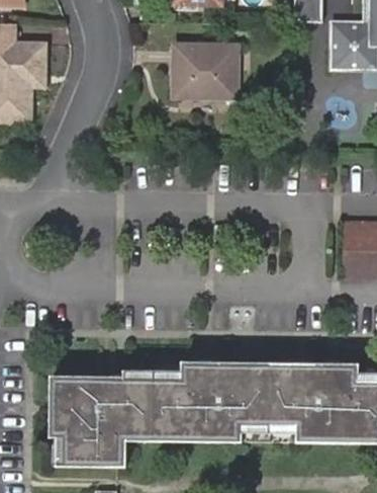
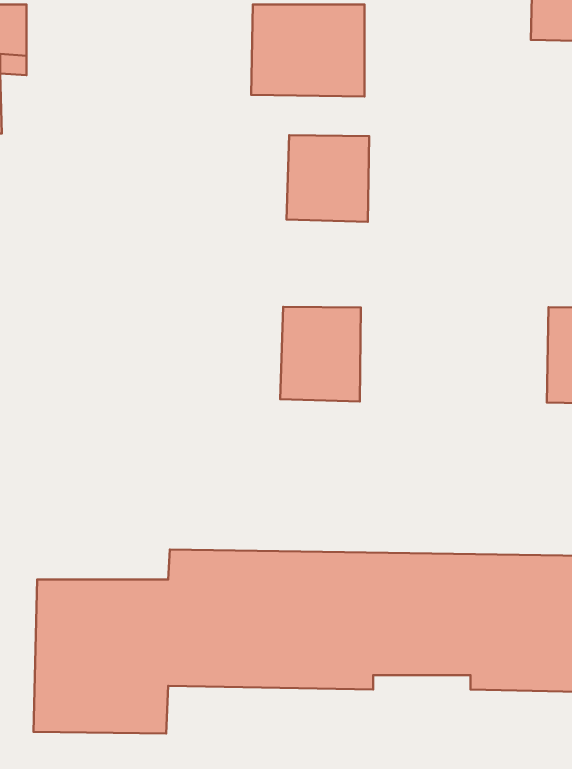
building: none -> [286,135,369,222]
building: none -> [280,307,361,402]

